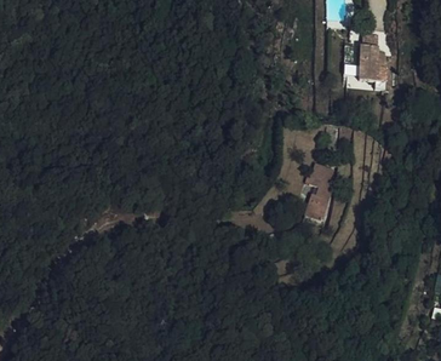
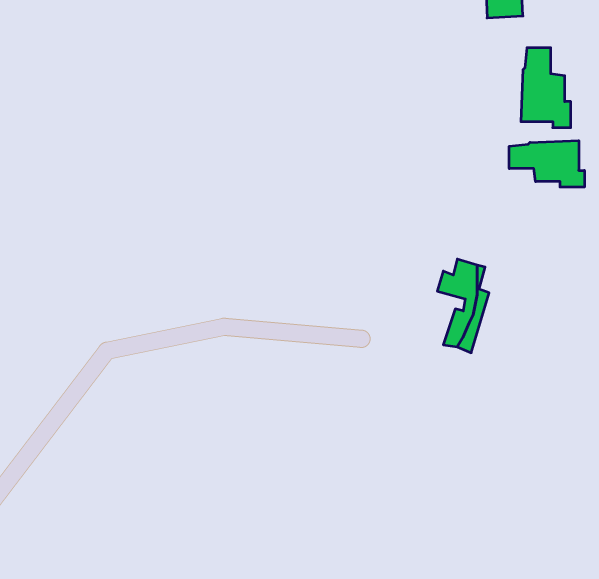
building: none -> [509,141,584,187]

